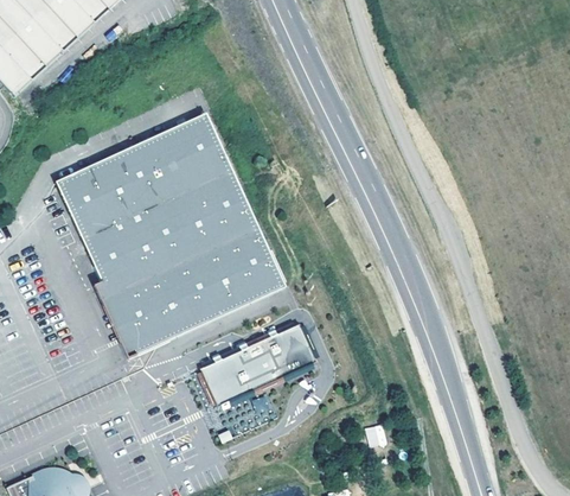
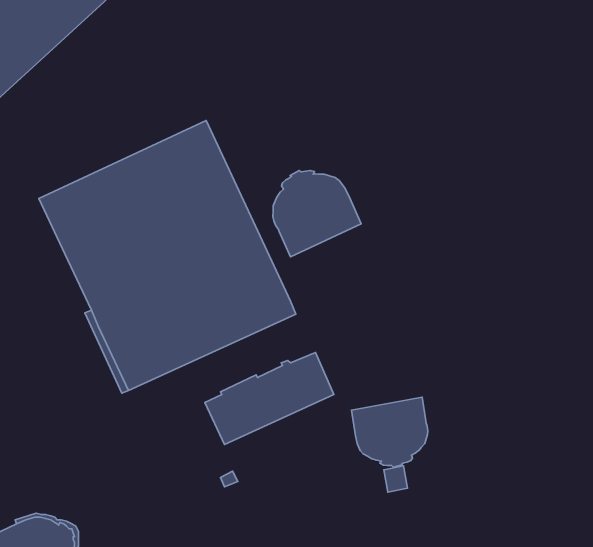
building: none -> [273,170,361,257]
building: none -> [352,397,428,467]

